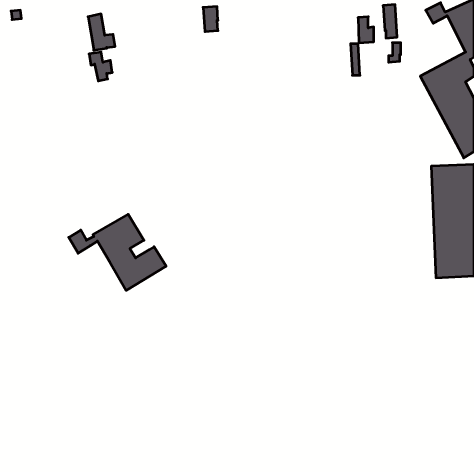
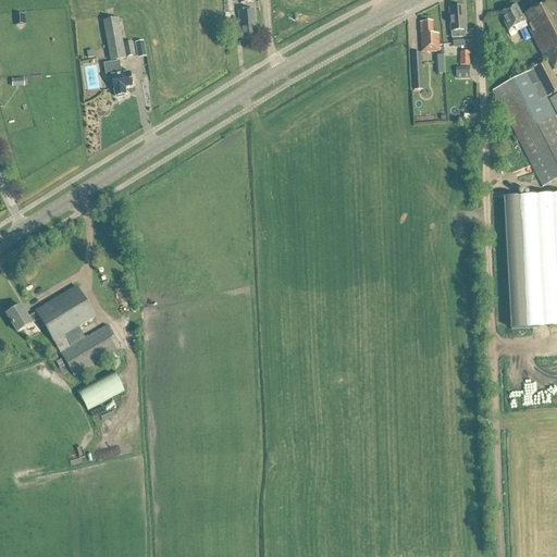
building: [69,214,166,290] -> [7,285,121,374]
building: none -> [82,369,127,406]

